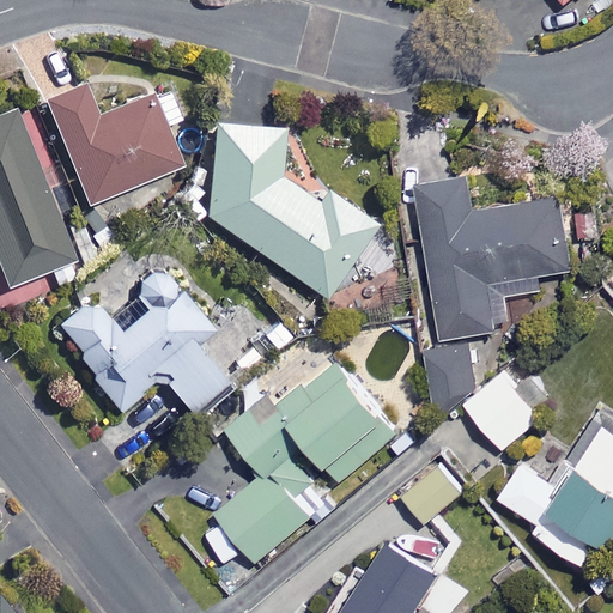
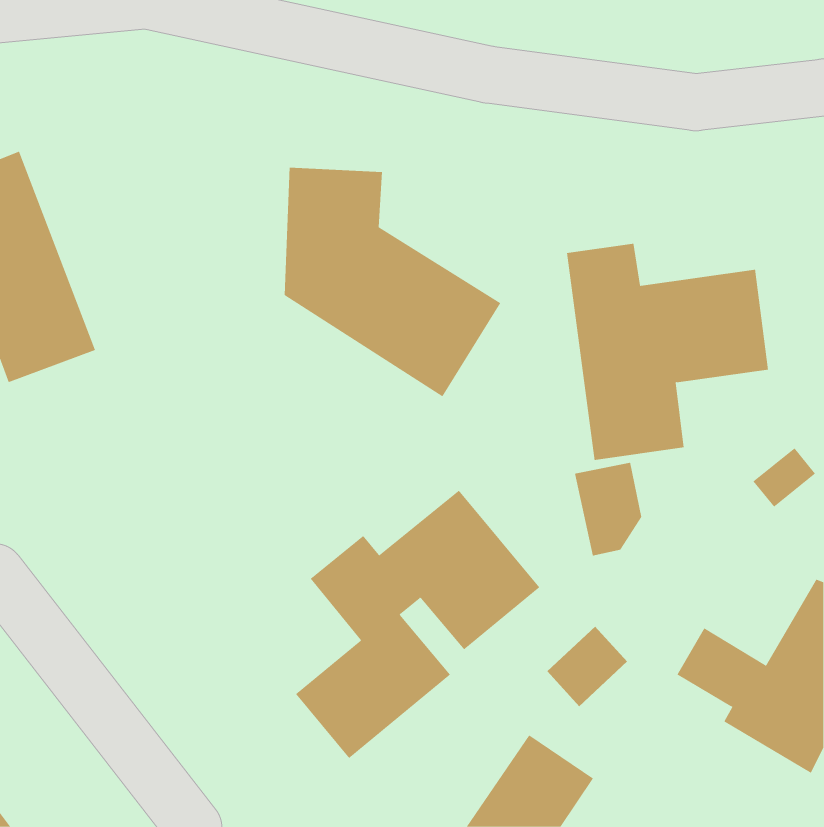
building: [41,85,198,205] -> none
building: [59,269,223,411] -> none
building: [465,370,541,449] -> none

